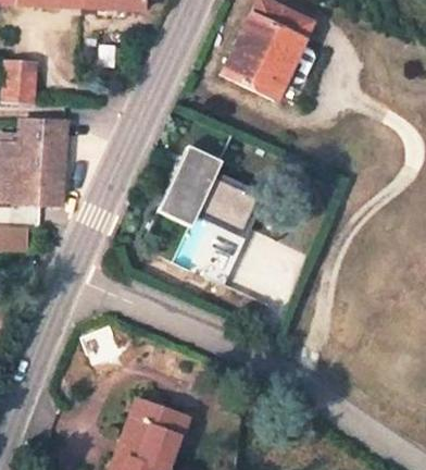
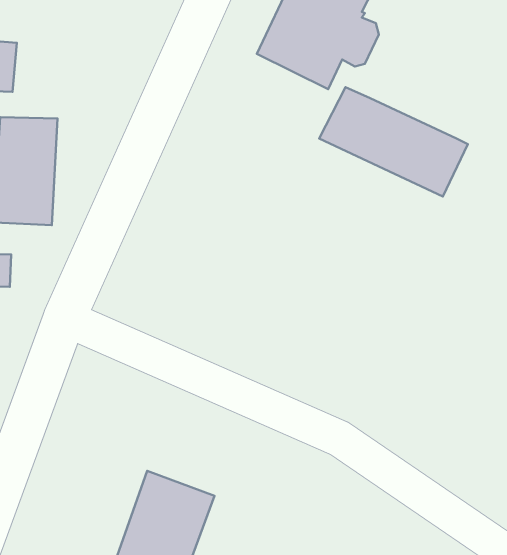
building: none -> [319,87,468,196]
building: [160,147,258,285] -> none

